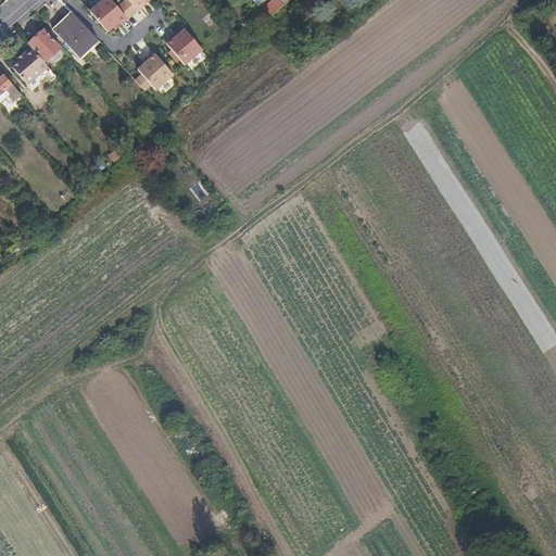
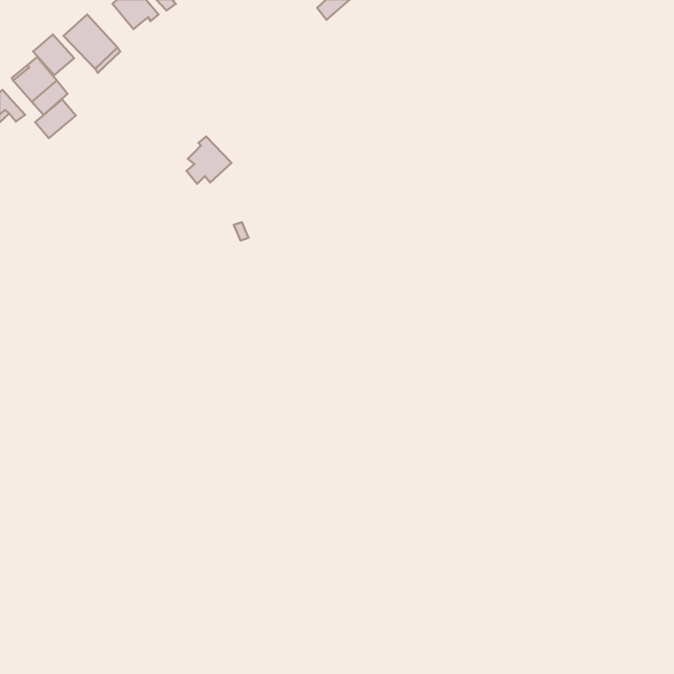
building: [164,28,202,64] -> none
building: [135,51,172,90] -> [186,136,231,184]
building: none -> [35,99,76,138]

